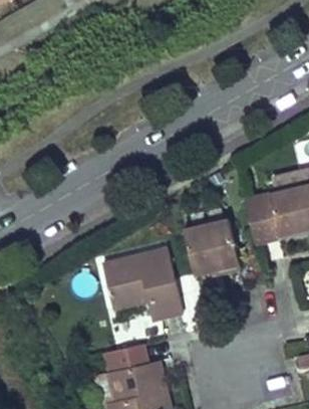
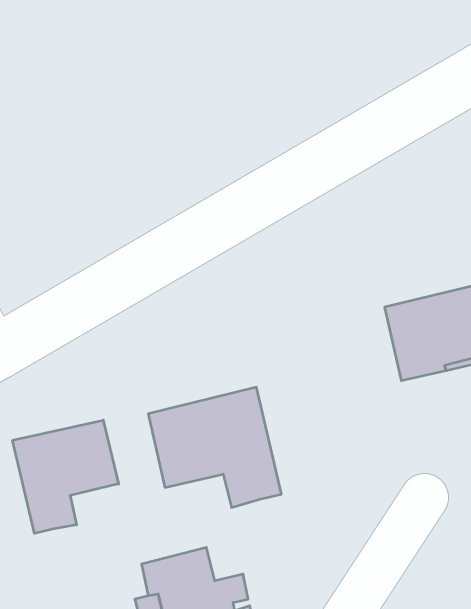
building: [185,219,240,273] -> none
building: none -> [13,420,119,533]

